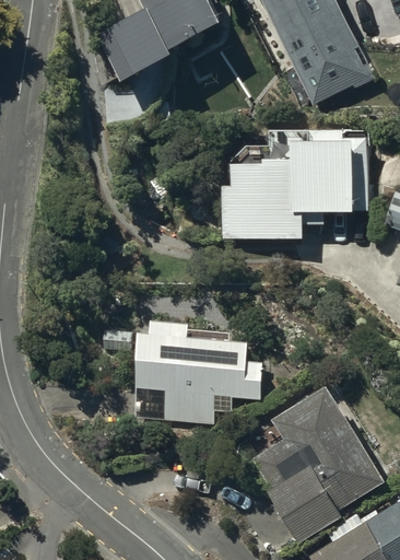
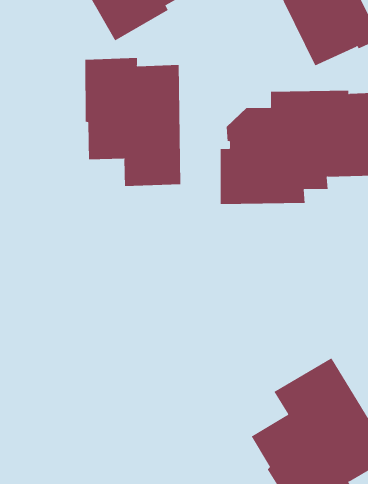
building: none -> [85,57,181,187]
building: [133,318,263,424] -> none

